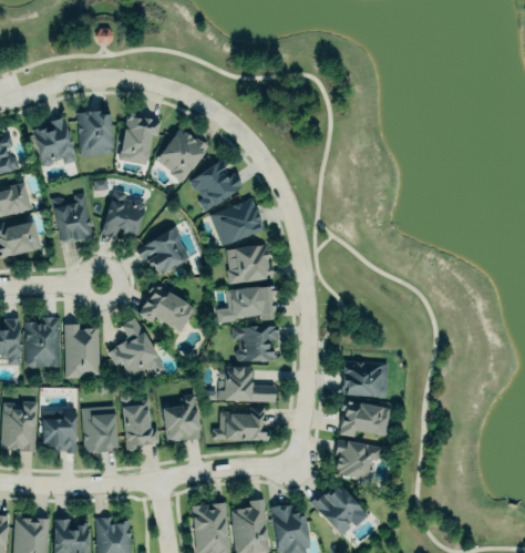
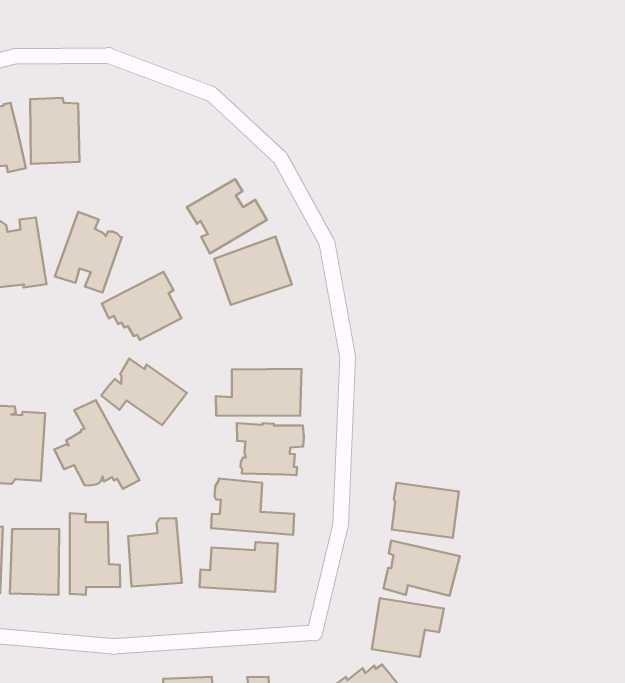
building: [120,113,161,164] -> none
building: [156,129,208,183] -> none
building: [226,245,274,284] -> none

